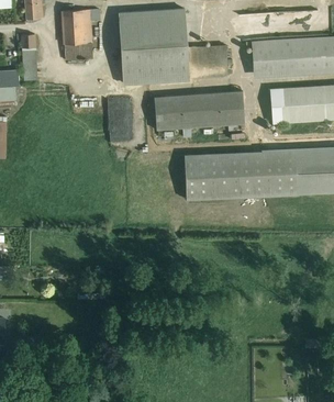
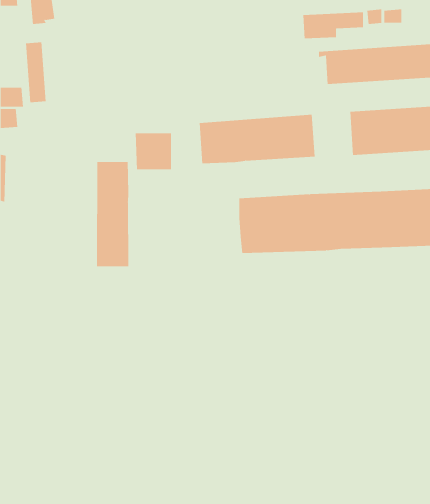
building: [118,8,229,83] -> none
building: [62,10,99,62] -> none
building: none -> [96,161,129,267]

